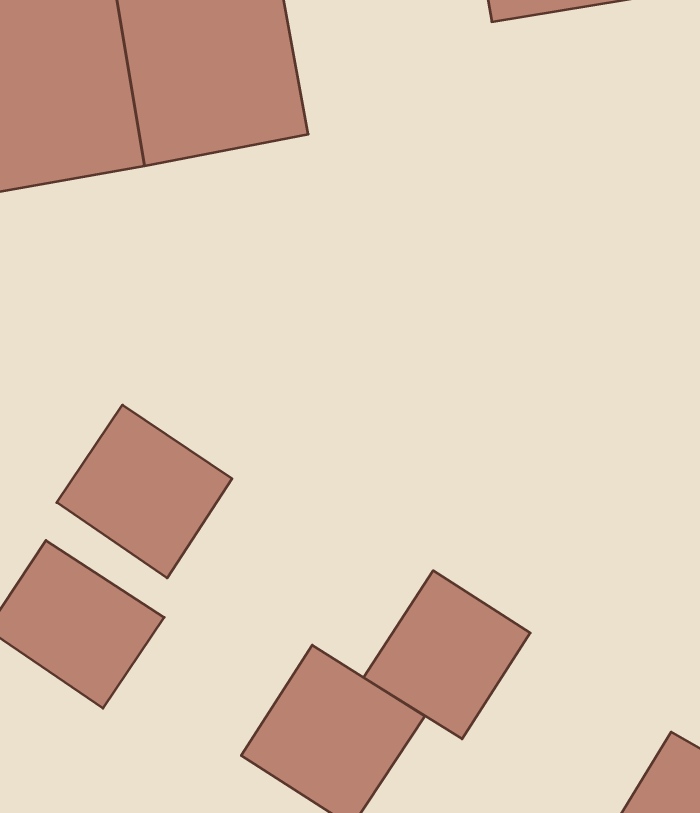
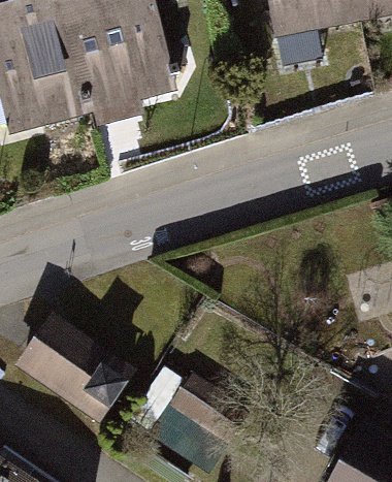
building: [57,405,232,578] -> none
building: [363,571,530,739] -> none

